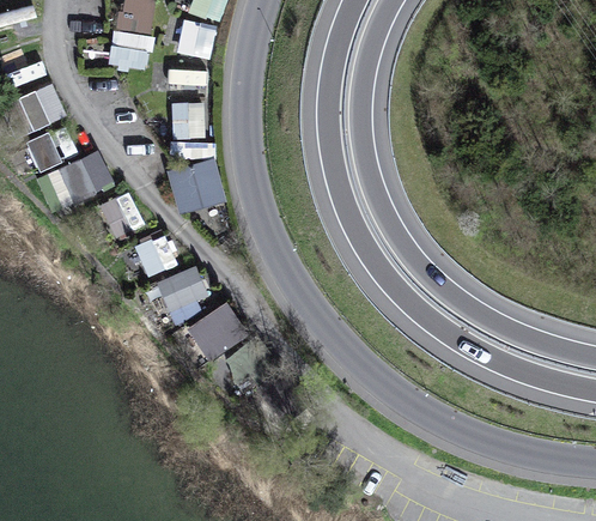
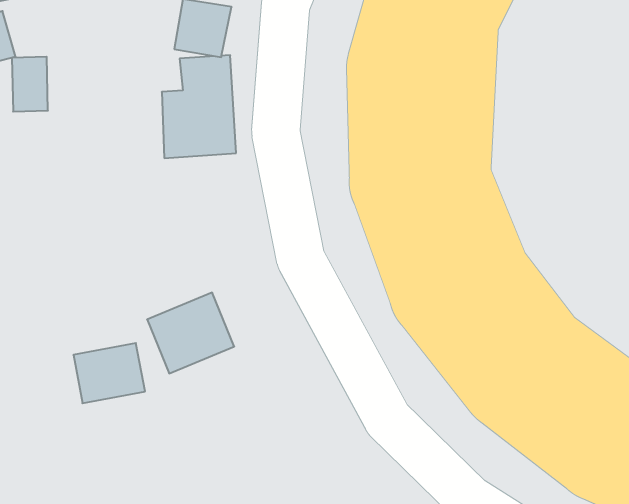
building: [101,193,142,236] -> none
building: [135,234,177,277] -> none
building: [156,266,209,314] -> [73,343,145,403]

